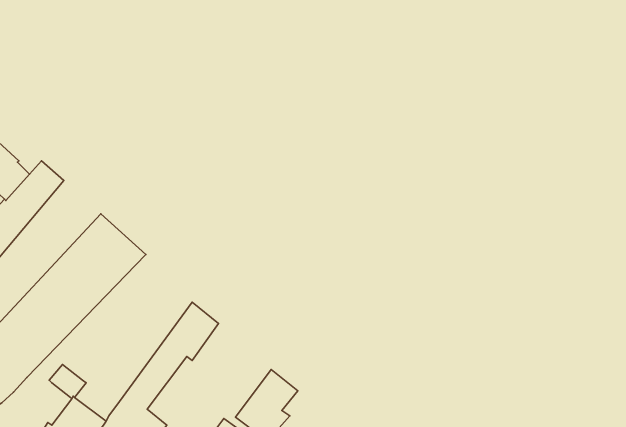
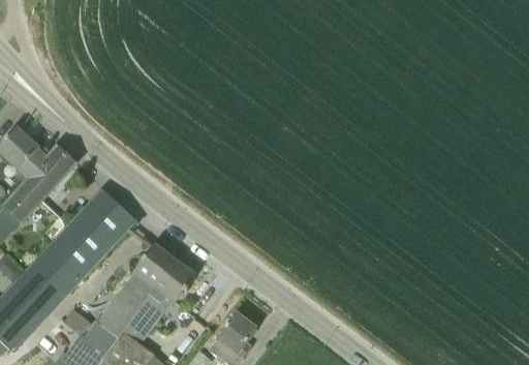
building: none -> [96,244,174,336]

